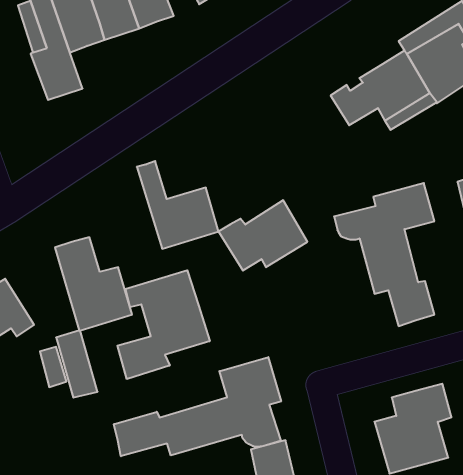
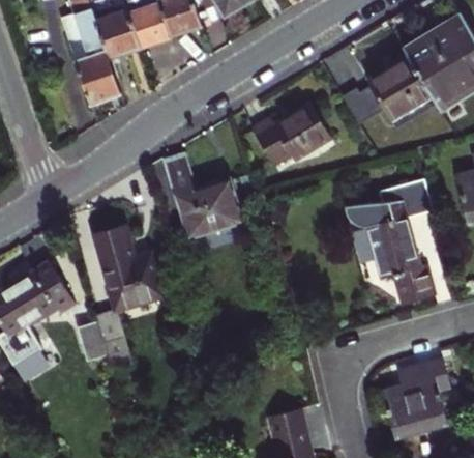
building: [219,200,307,271] -> [251,102,331,165]
building: [117,270,210,379] -> none
building: [114,357,281,456] -> none

